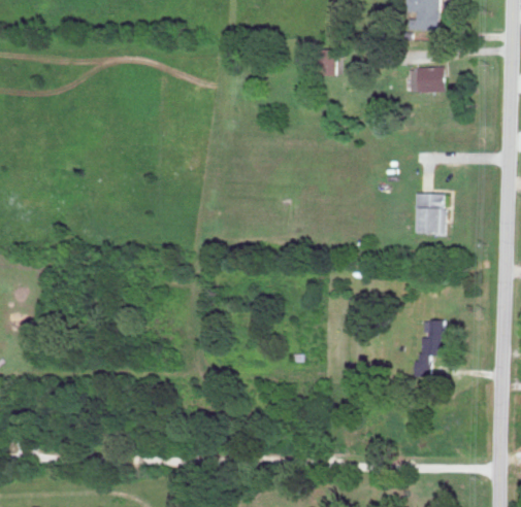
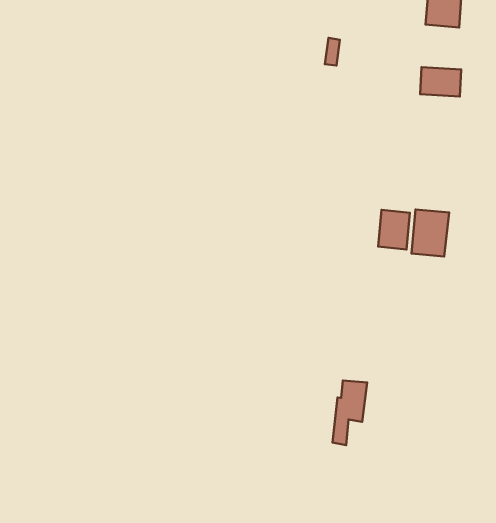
building: none -> [378,210,410,250]
building: [419,320,445,377] -> [332,380,367,445]

